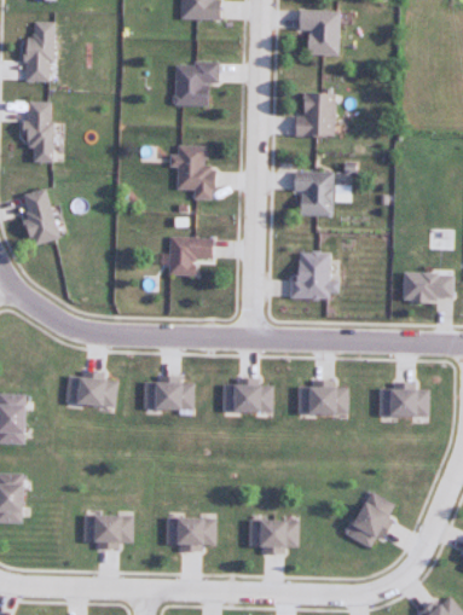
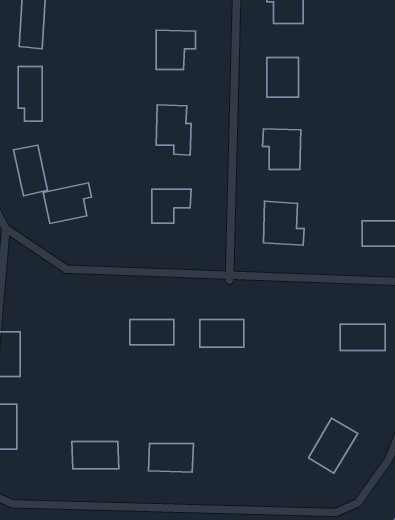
building: none -> [43,183,92,224]
building: [69,373,117,407] -> none
building: [299,384,348,414] -> none
building: [249,521,299,551] -> none

